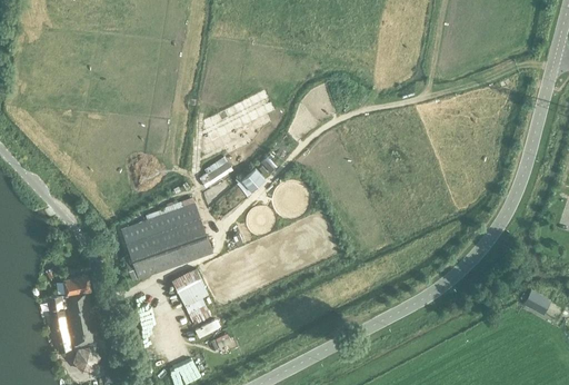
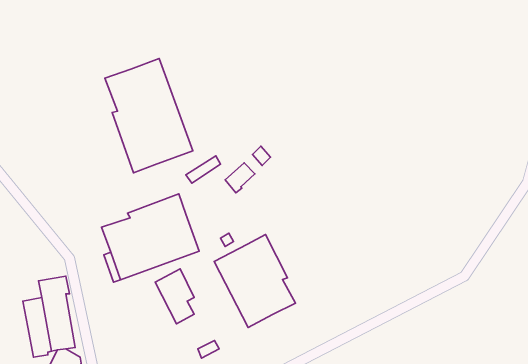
building: none -> [105,58,193,173]
building: none -> [214,234,296,327]

